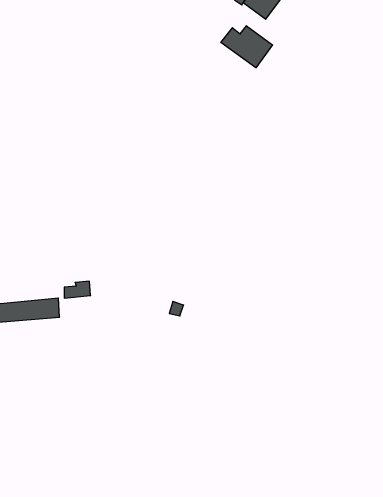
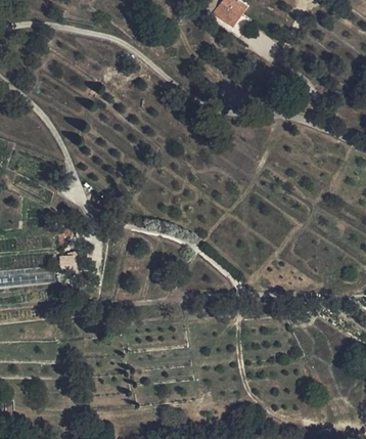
building: [221,26,273,68] -> none

